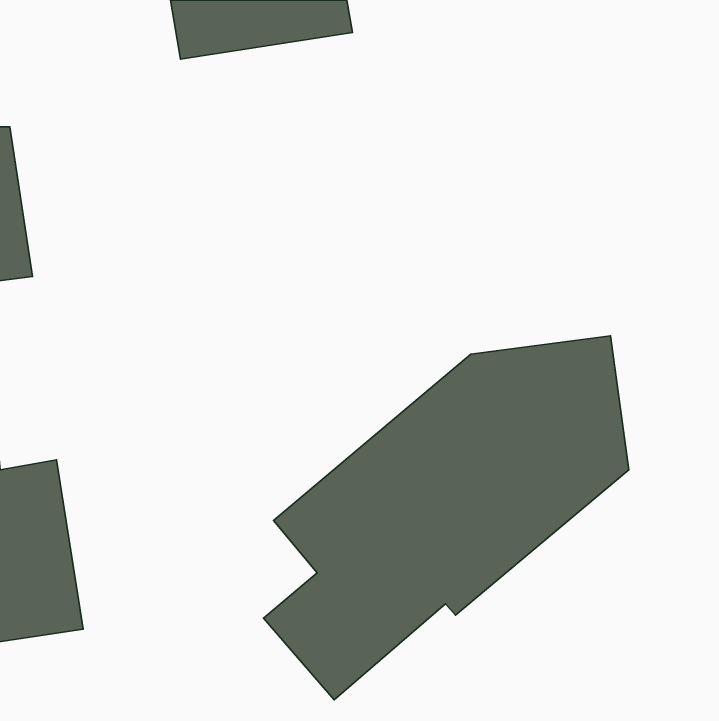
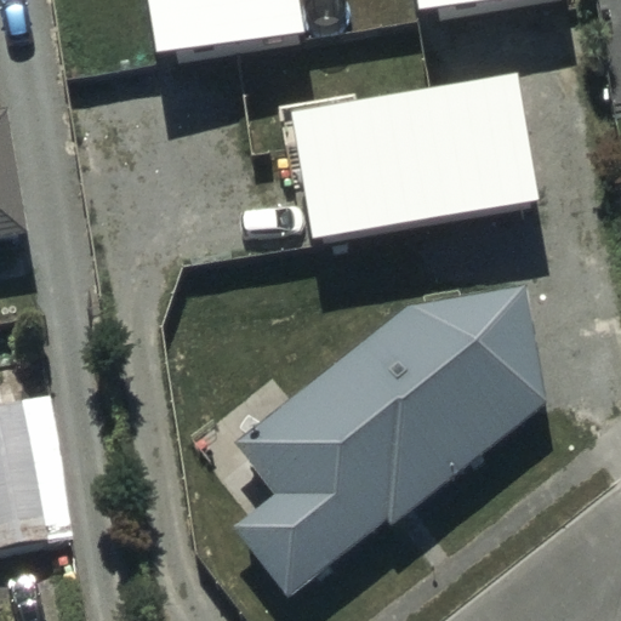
building: none -> [290,70,537,240]

